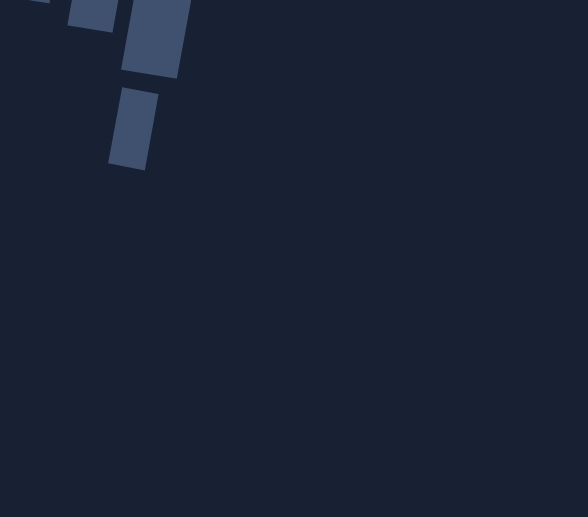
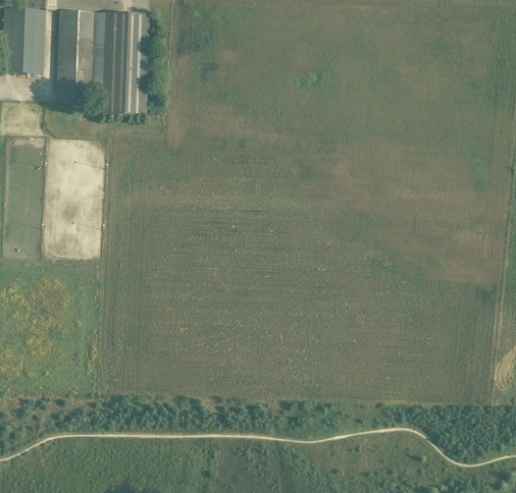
building: [108,86,159,171] -> none

